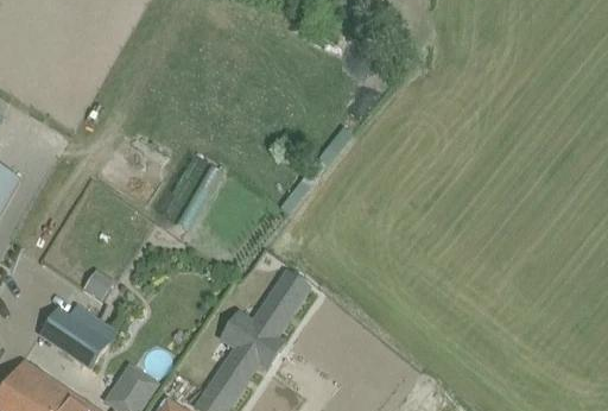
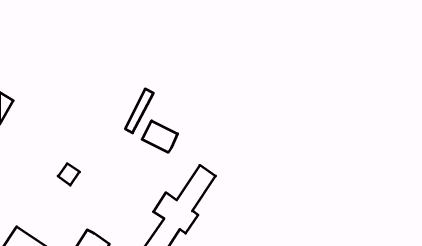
building: none -> [142,121,178,152]
building: [38,304,109,368] -> none

